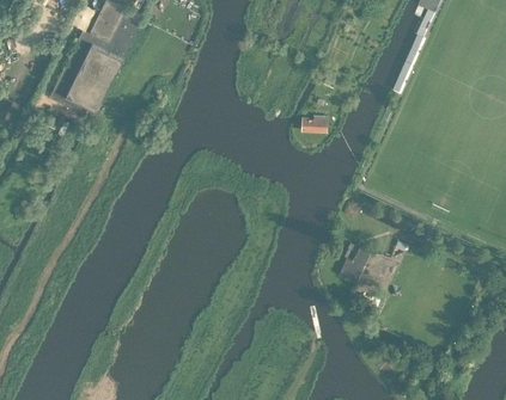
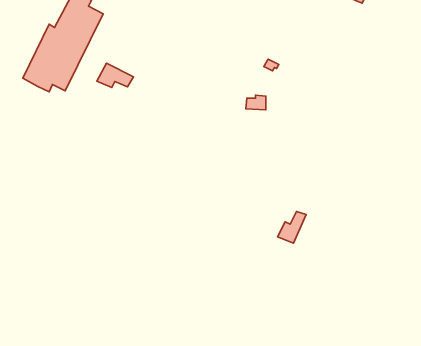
building: none -> [97,63,134,87]

